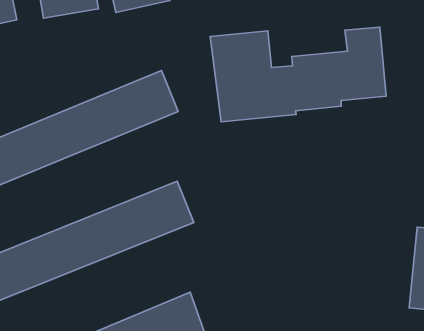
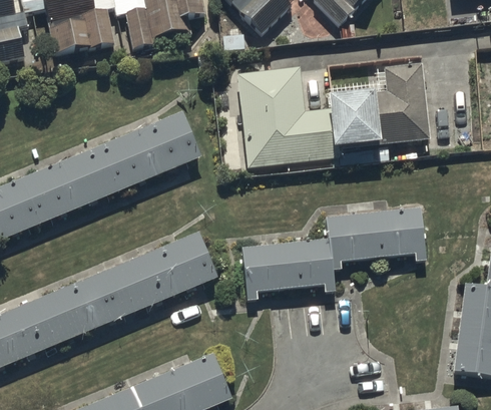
building: none -> [241,208,424,299]

